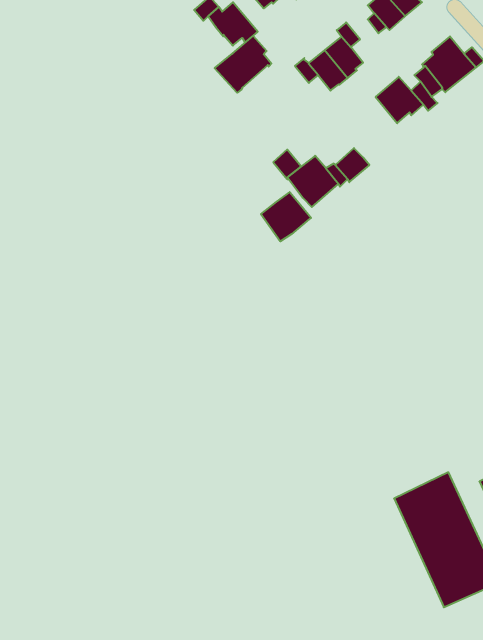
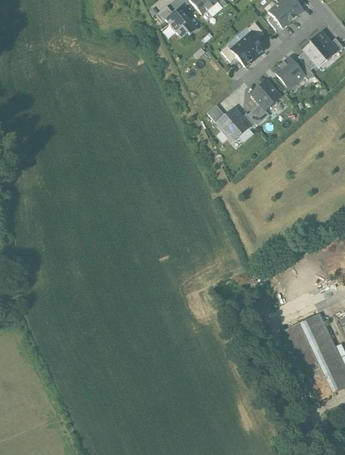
building: [215,36,271,93] -> none
building: none -> [251,80,280,108]
building: [261,192,311,241] -> none

